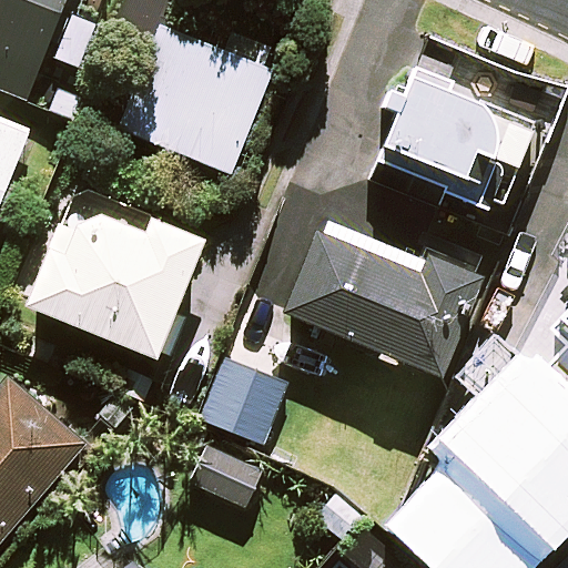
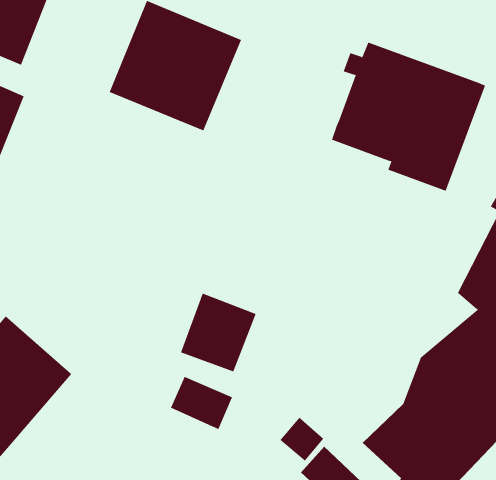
building: [29,189,204,359] -> none
building: [285,220,489,374] -> none

